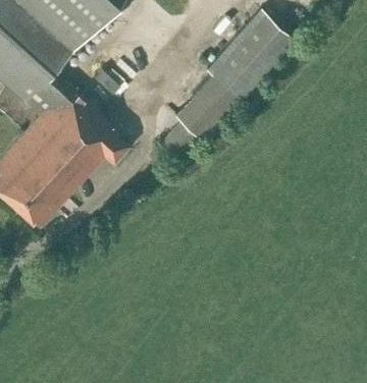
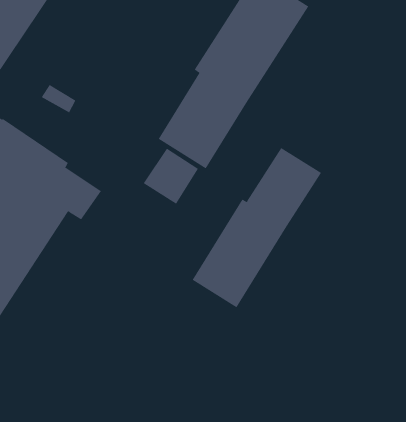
building: none -> [192,147,322,308]

